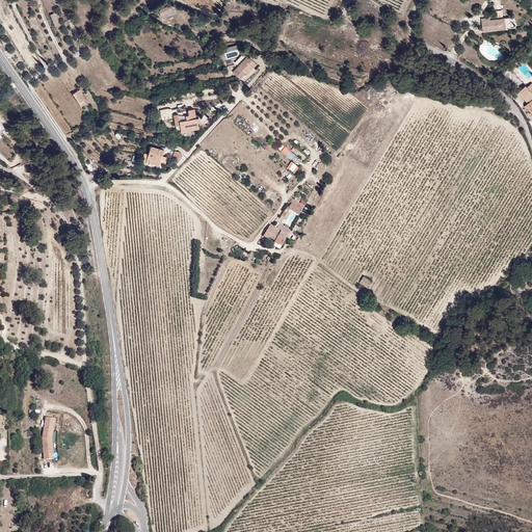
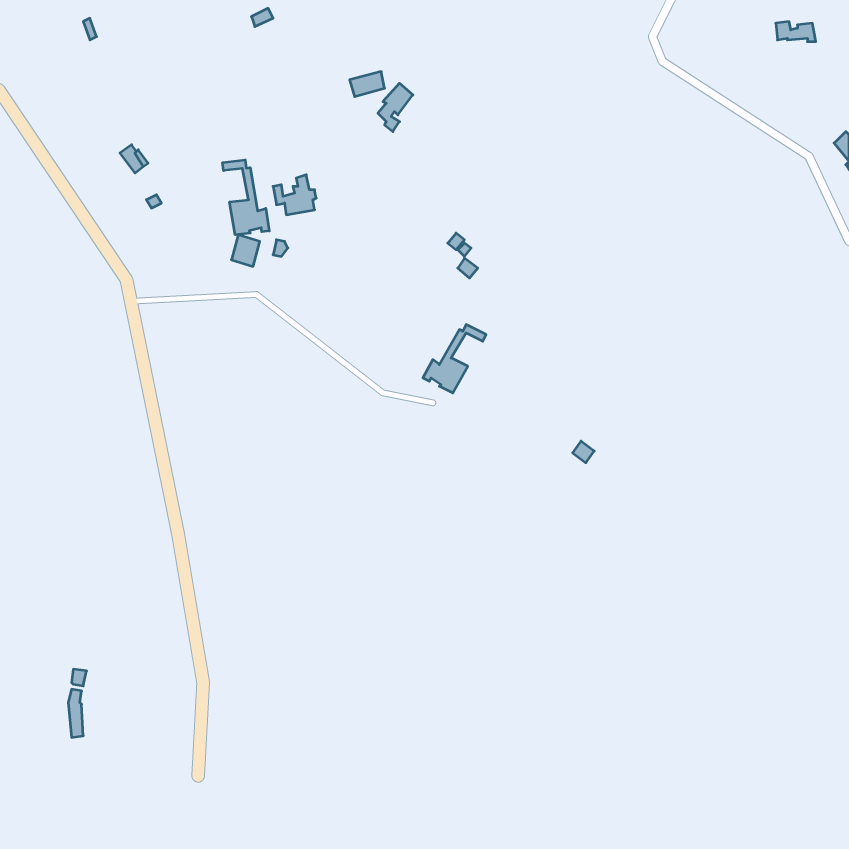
building: none -> [223,160,269,235]

